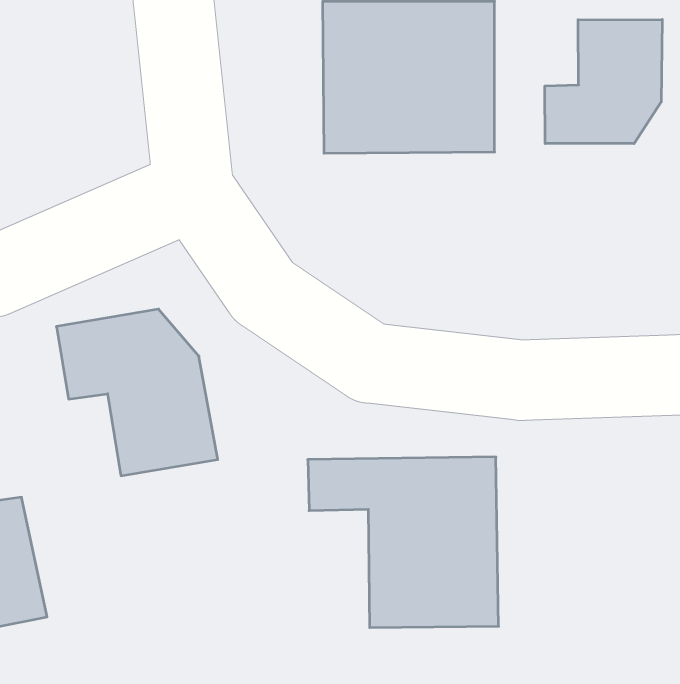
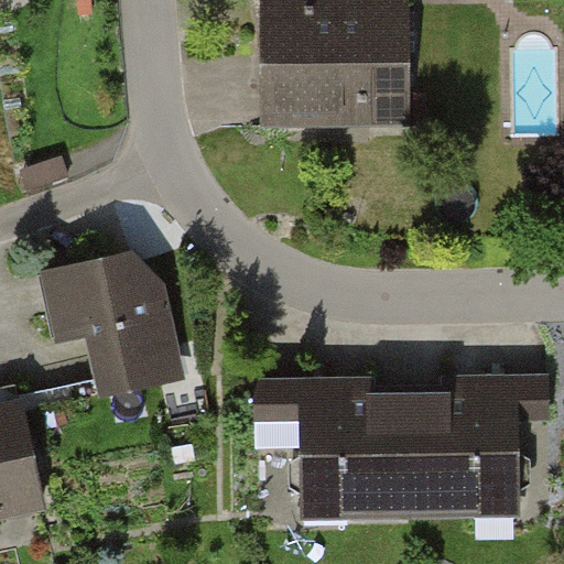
building: [545,19,662,144] -> none
building: none -> [406,376,550,516]

